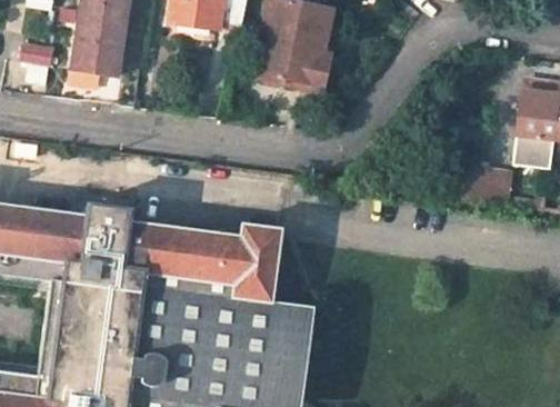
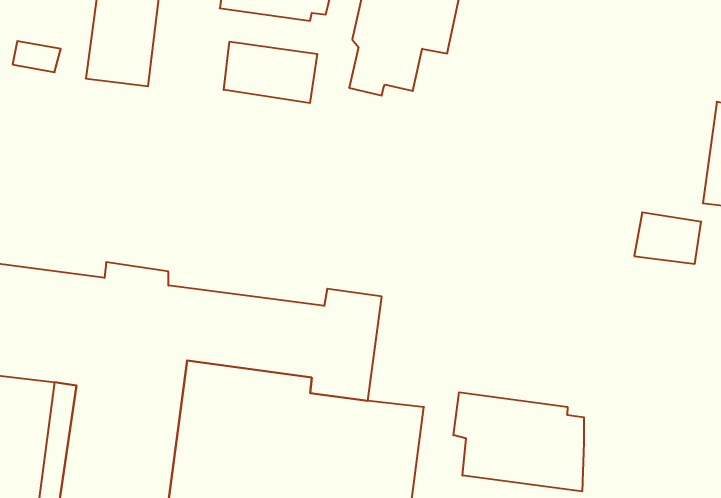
building: none -> [224,42,317,103]
building: [282,49,336,95] -> none
building: none -> [453,392,584,491]

